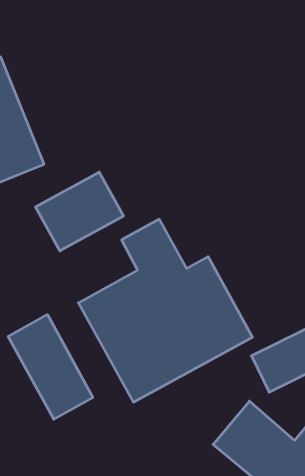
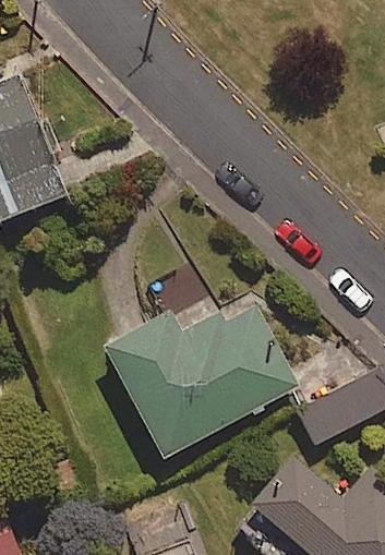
building: [36,172,123,251] -> none
building: [8,315,93,419] -> none

